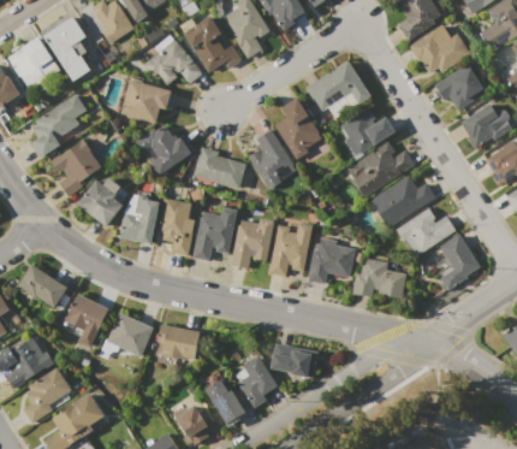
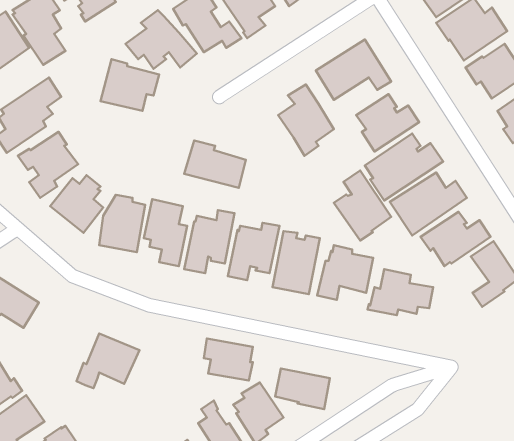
building: [135,124,194,175] -> none
building: [248,129,297,189] -> [334,171,391,241]
building: [61,294,109,333] -> none
building: [158,325,200,361] -> [204,338,253,380]

